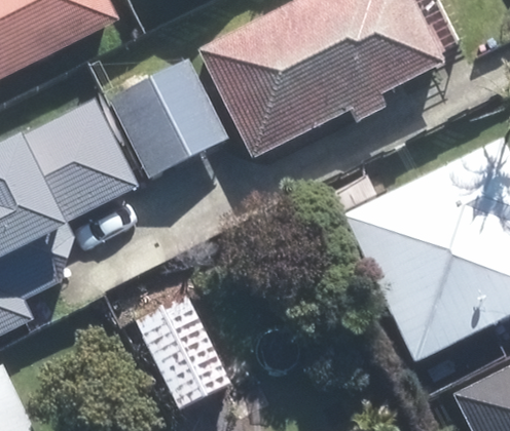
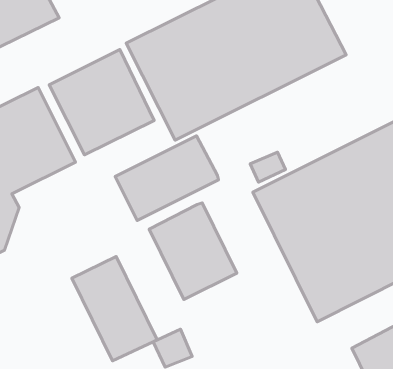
building: none -> [115,136,219,221]
building: none -> [149,203,237,300]

